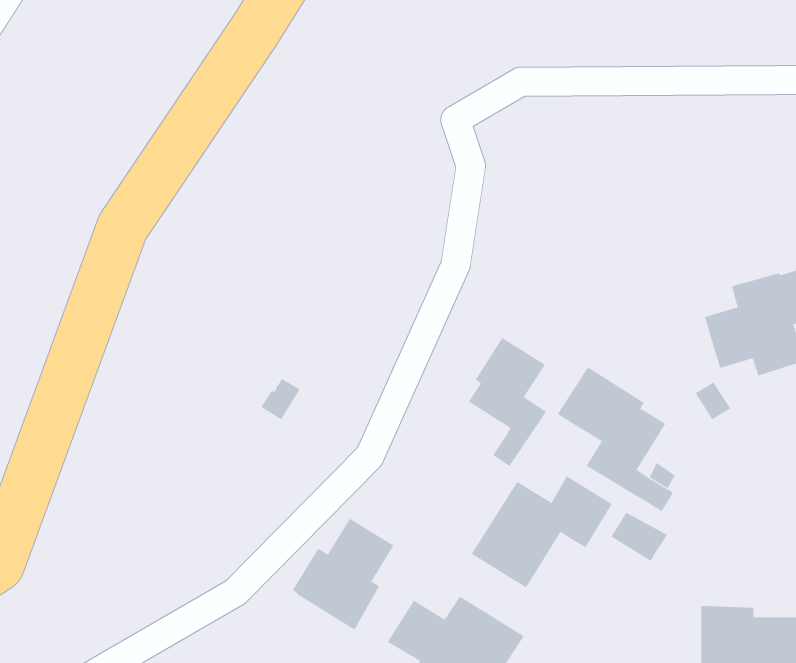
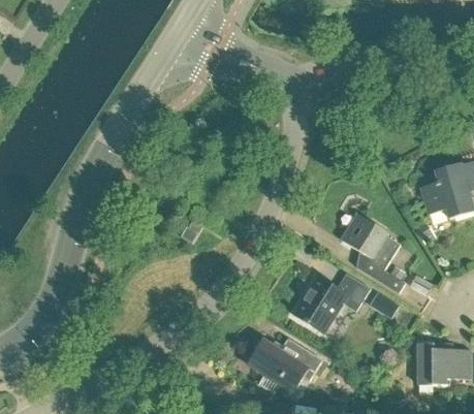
building: [468,337,547,467] -> none
building: [292,518,394,630] -> none

